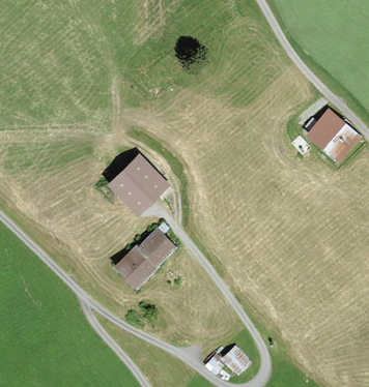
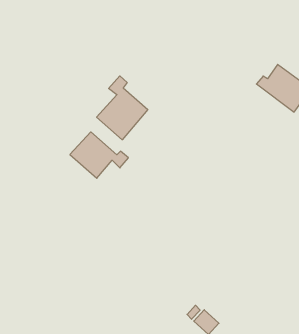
building: none -> [97,76,148,140]
building: [115,229,172,288] -> none

